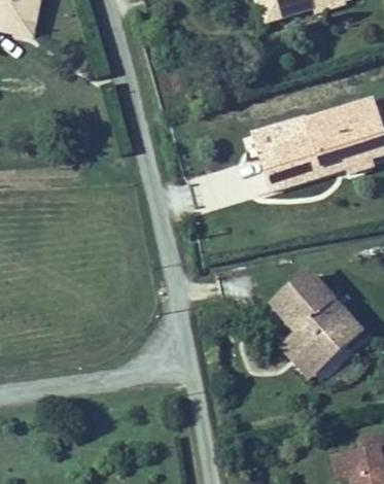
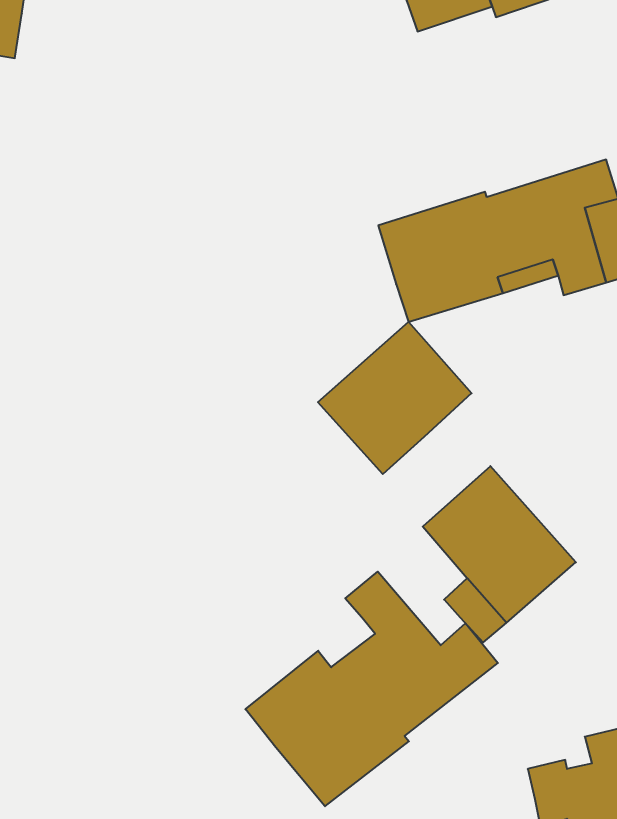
building: none -> [318,322,472,474]
building: none -> [245,572,498,806]

